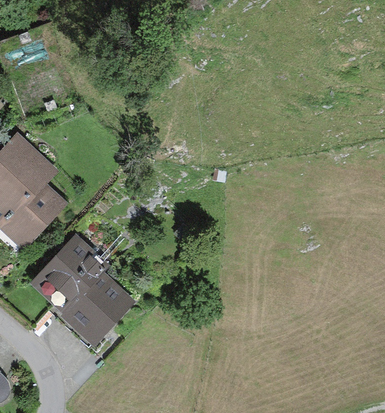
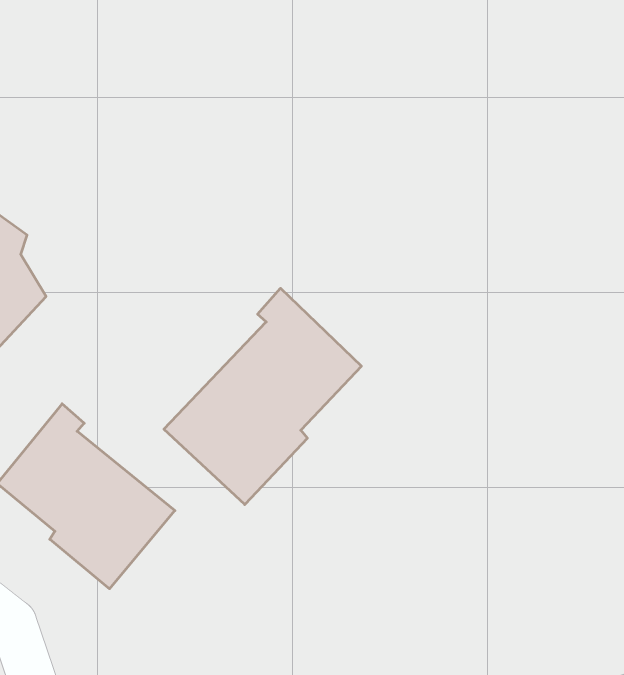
building: none -> [164,288,361,505]

